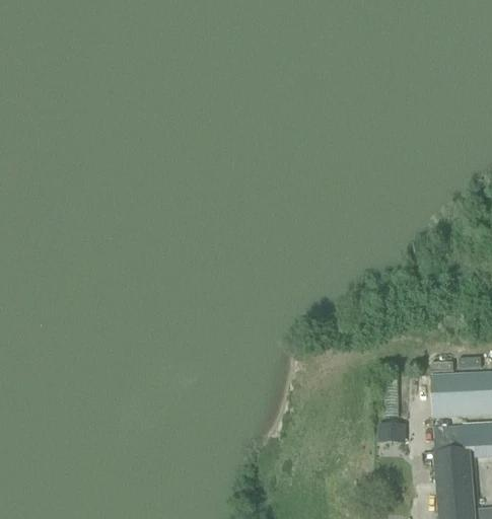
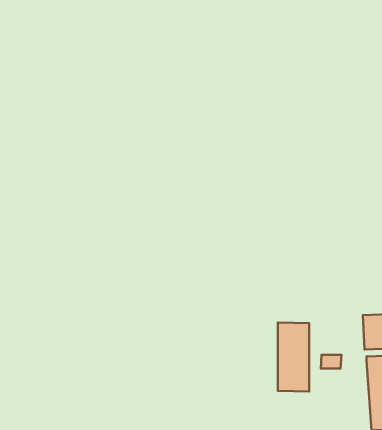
building: none -> [278,323,309,391]

